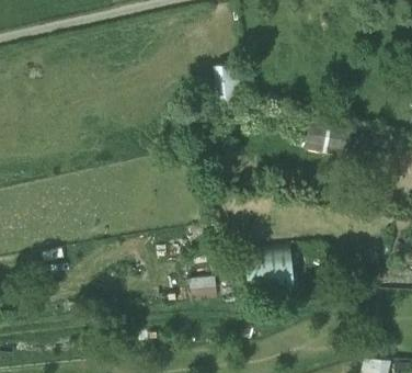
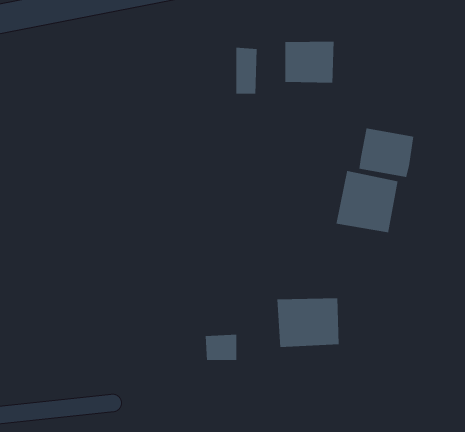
building: none -> [285,41,334,83]
building: none -> [336,170,398,233]

